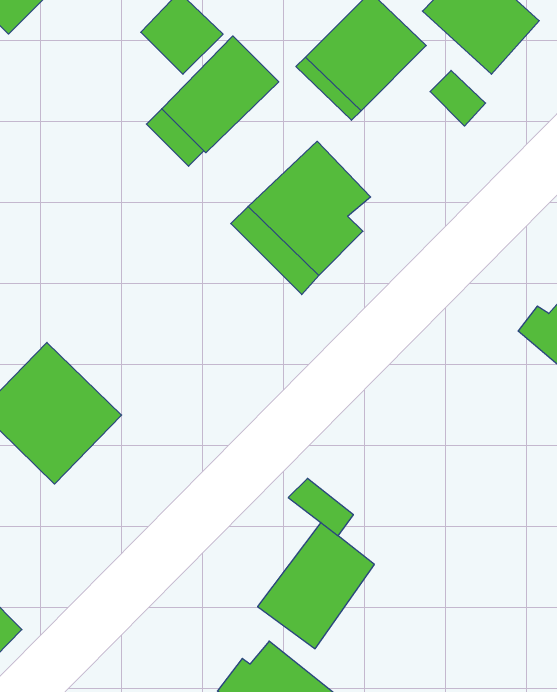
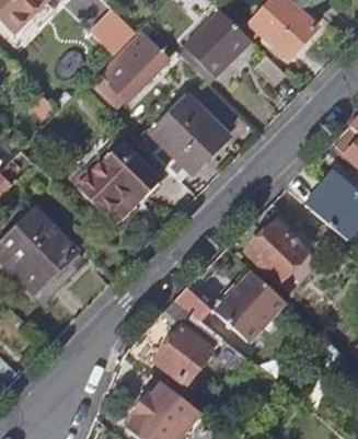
building: none -> [70,138,159,227]
building: none -> [246,220,309,280]
building: none -> [216,273,286,338]

